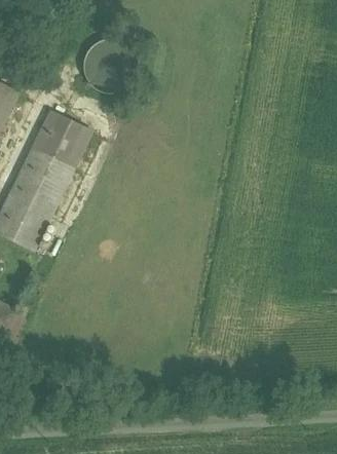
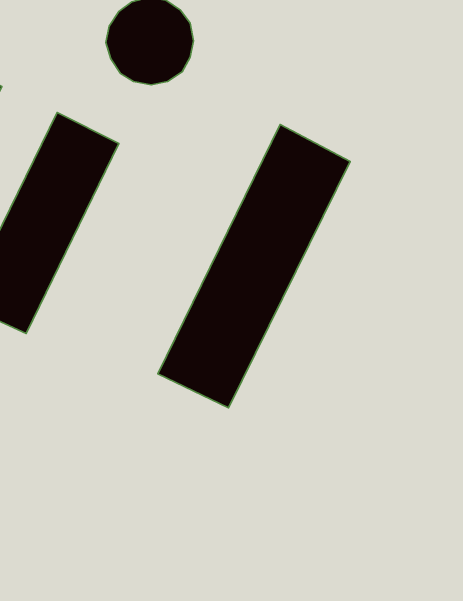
building: none -> [158,125,350,408]

